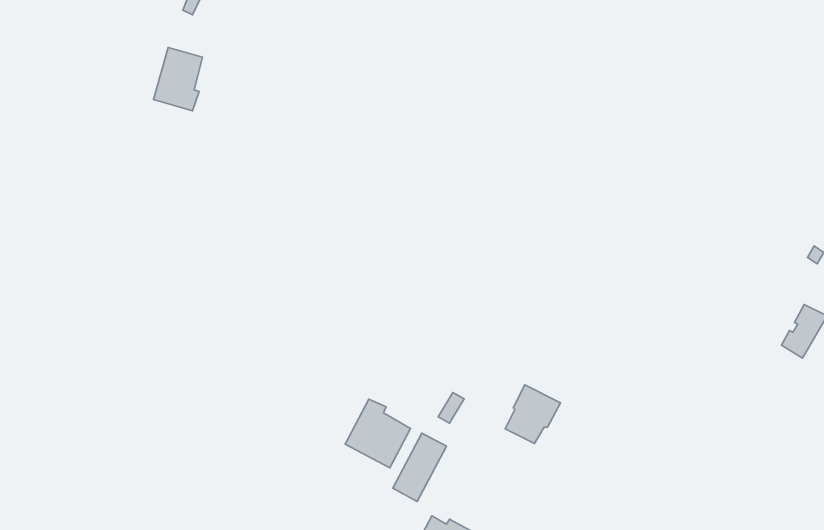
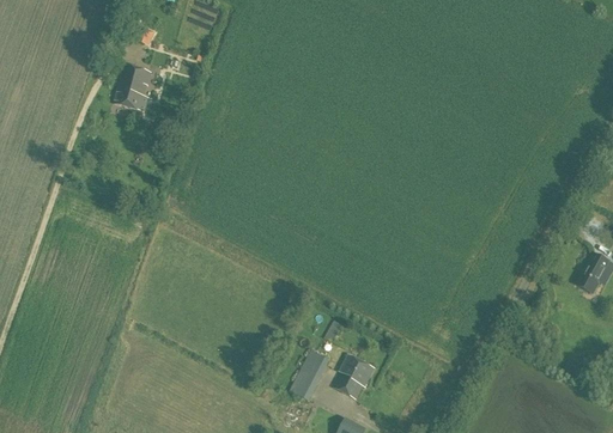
building: [505,385,560,444] -> [335,354,376,397]
building: [345,399,411,468] -> none

